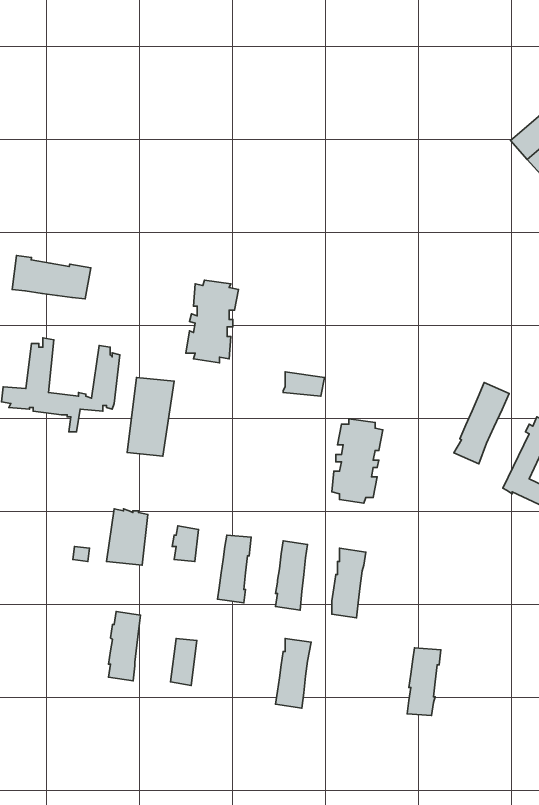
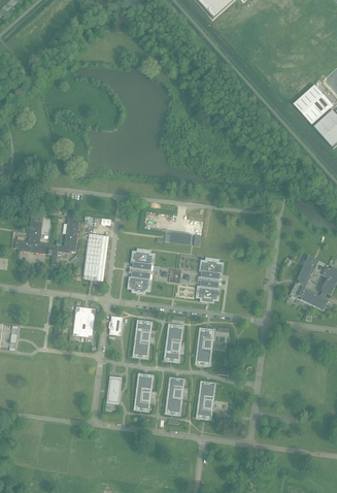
building: [12,256,91,299] -> none
building: [186,280,238,363] -> [127,248,156,293]
building: [454,383,509,464] -> none
building: [109,611,141,681] -> [135,372,153,410]
building: [407,648,441,716] -> [197,381,215,418]

